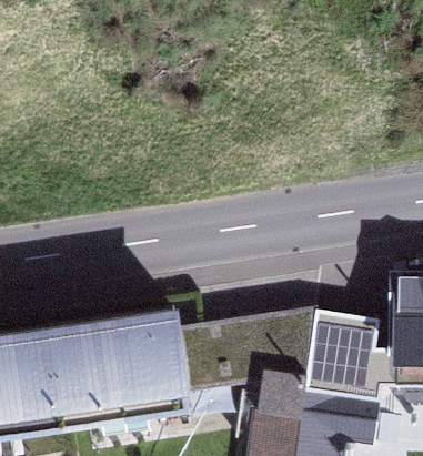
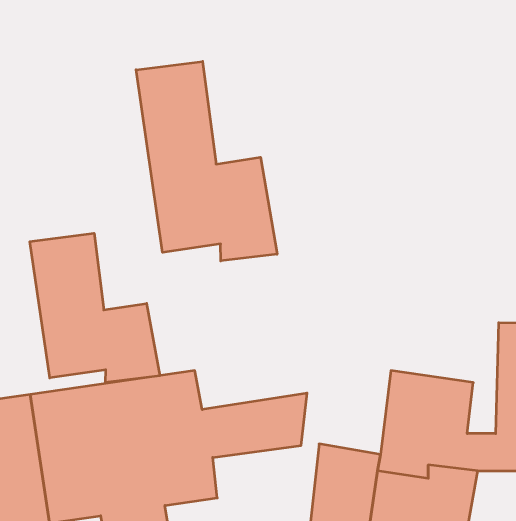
building: none -> [136,61,277,261]
building: none -> [30,233,160,382]

